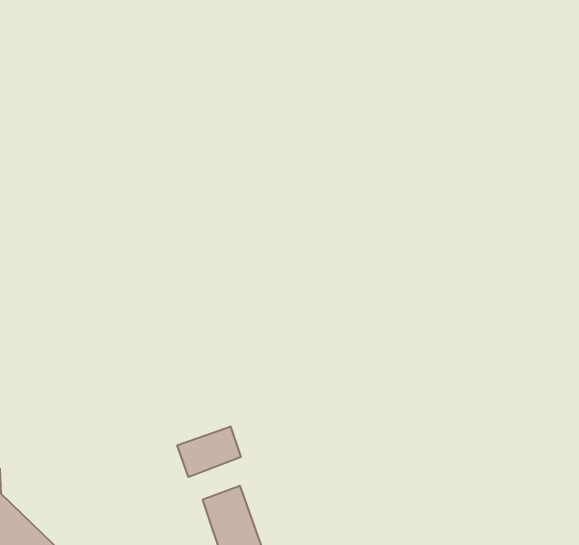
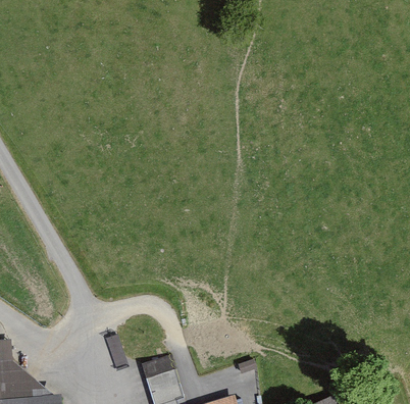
building: [177,426,241,477] -> none

